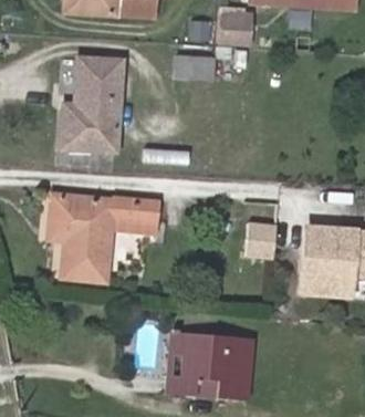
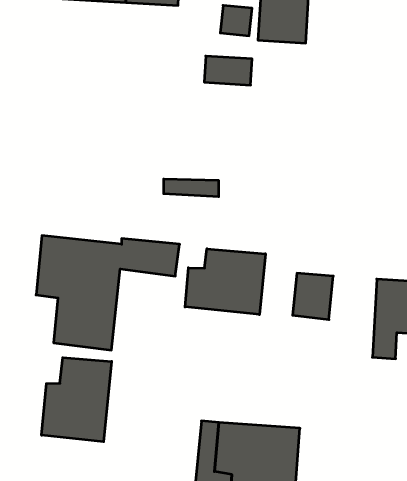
building: [62,58,123,152] -> none
building: none -> [185,249,265,315]
building: none -> [42,358,112,442]

